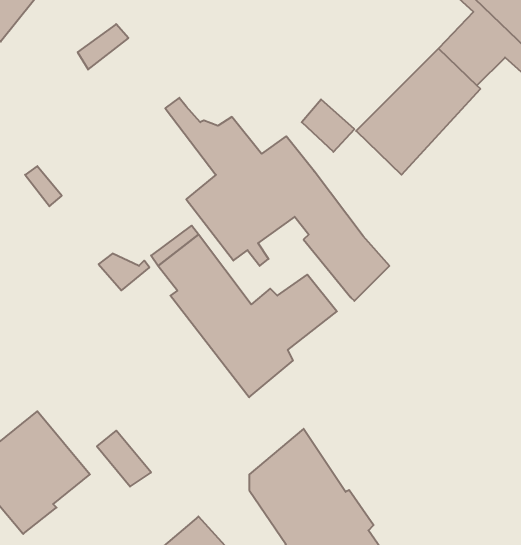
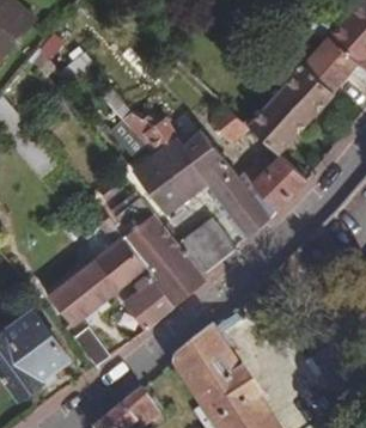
building: none -> [243,153,305,215]
building: none -> [48,236,175,329]

